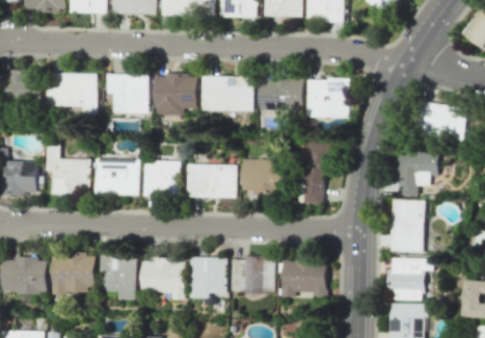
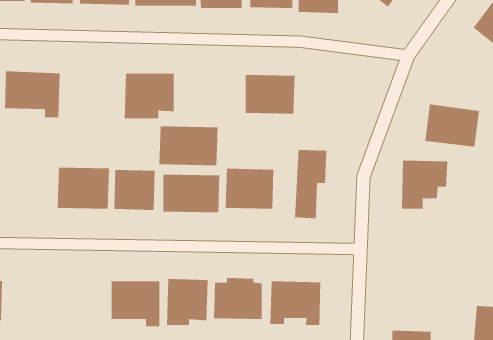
building: [106,74,149,112] -> none
building: [201,76,254,111] -> [159,126,218,166]
building: [308,78,349,115] -> none
building: [51,158,88,193] -> none
building: [390,199,425,252] -> none
building: [50,254,95,293] -> none
building: [101,255,136,298] -> none
building: [387,257,433,300] -> none

